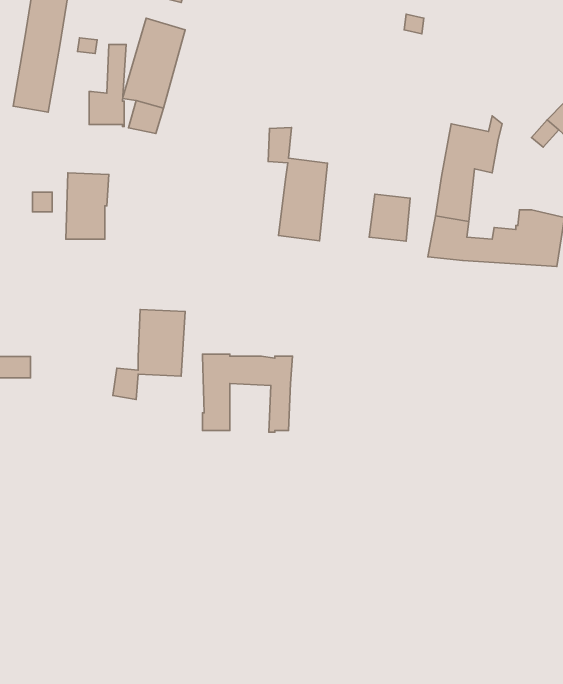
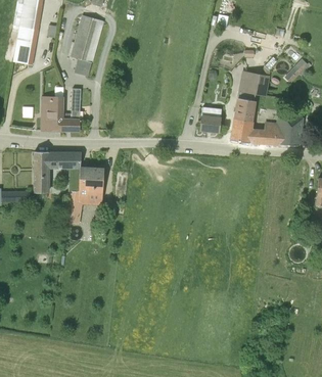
building: [89,44,126,127] -> [61,88,81,131]
building: [268,128,328,241] -> none
building: [202,354,292,432] -> [34,151,81,192]

